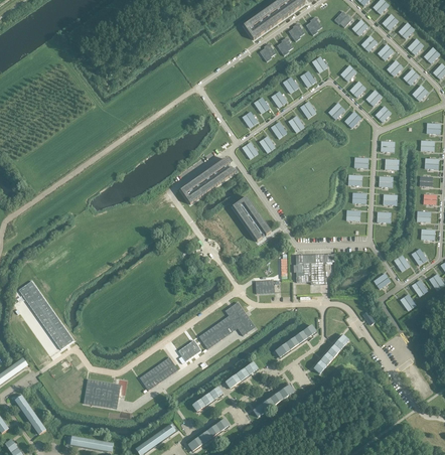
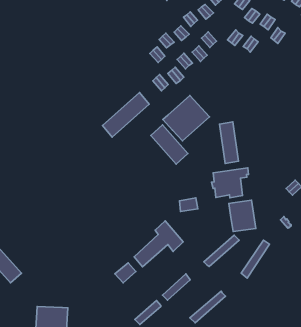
building: none -> [163,96,209,141]
building: none -> [220,122,238,164]
building: none -> [229,200,256,232]
building: [140,356,178,390] -> none

